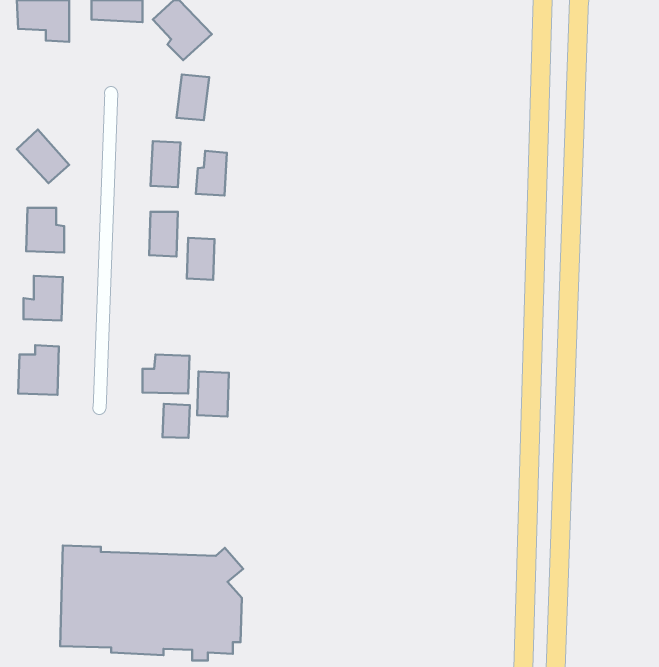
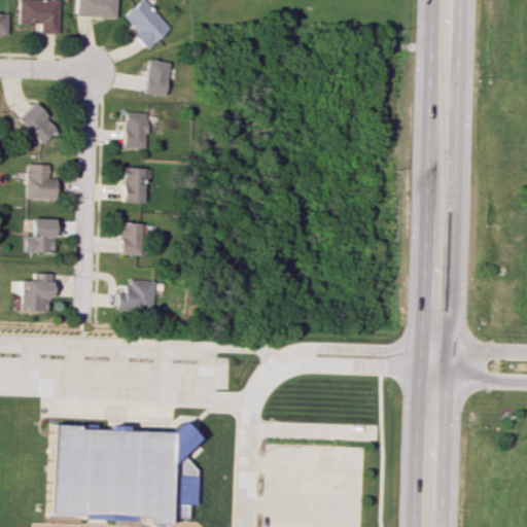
building: [196,151,227,195] -> none
building: [187,238,214,280] -> [121,222,143,255]
building: [197,372,229,416] -> none
building: [163,404,190,438] -> none

